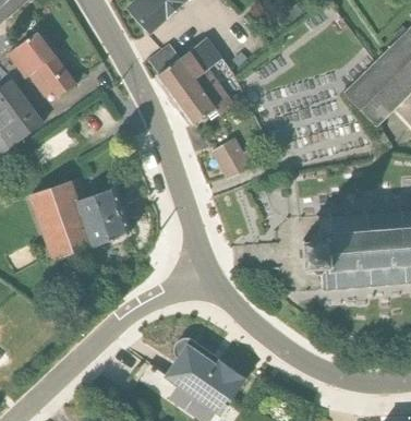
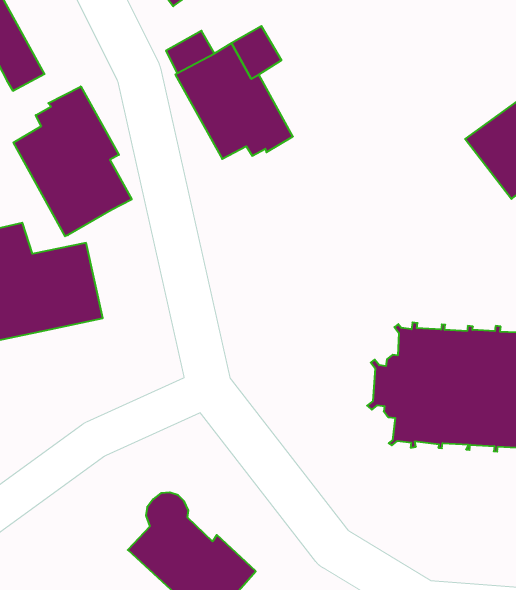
building: none -> [13,86,132,236]
building: [211,137,261,180] -> none

